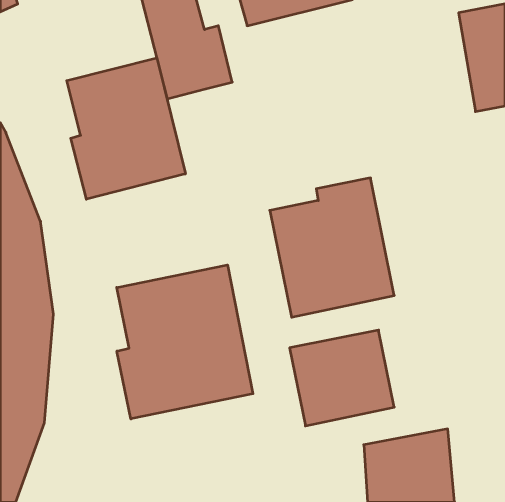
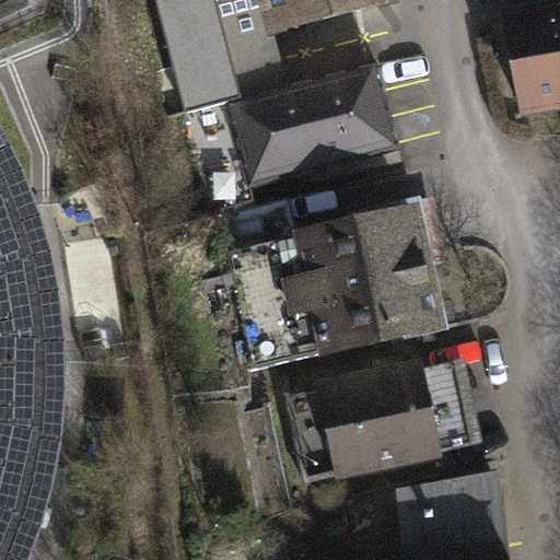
building: none -> [228,60,400,186]
building: [67,58,185,199] -> none
building: [117,265,253,419] -> none

